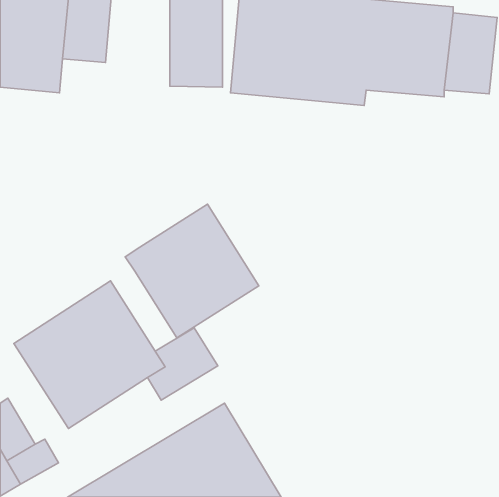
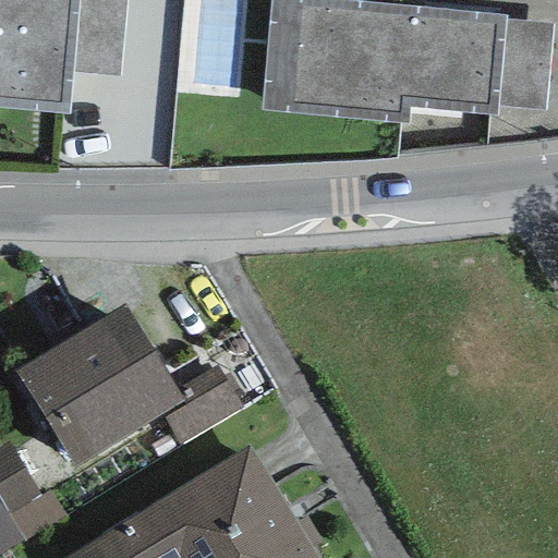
building: [125,204,259,338] -> none

